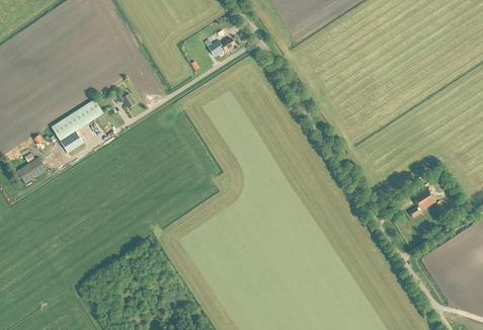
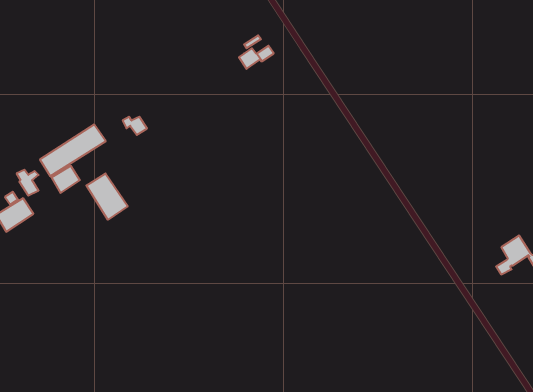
building: none -> [86,173,128,220]

